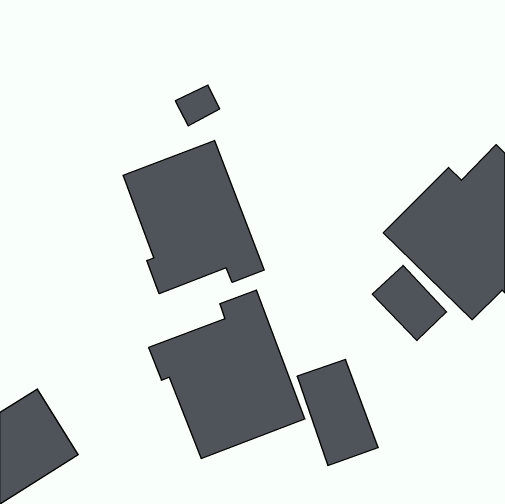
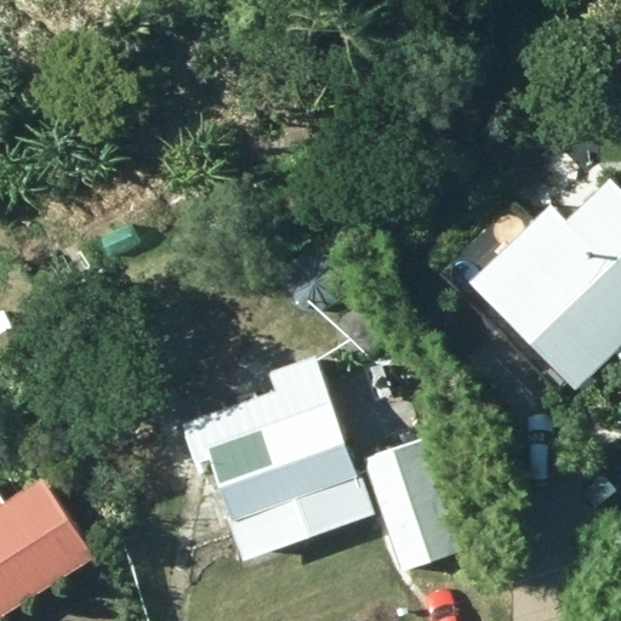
building: [123,140,264,294] -> none

